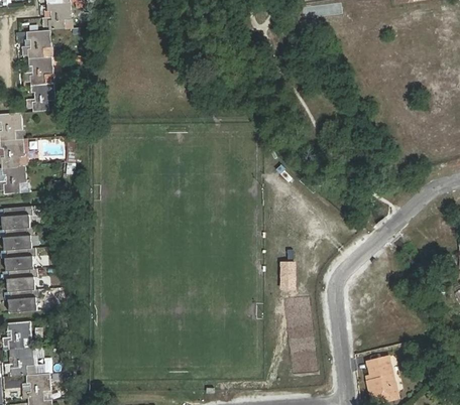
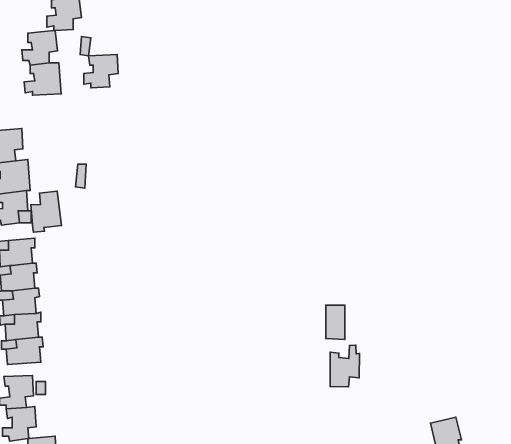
building: [26,84,55,112] -> [84,55,118,88]
building: none -> [31,191,61,232]
building: none -> [330,345,359,387]

